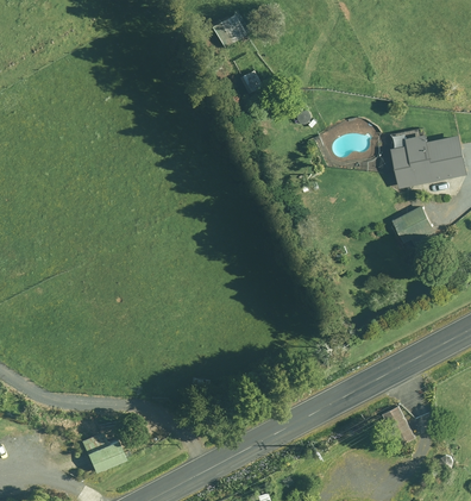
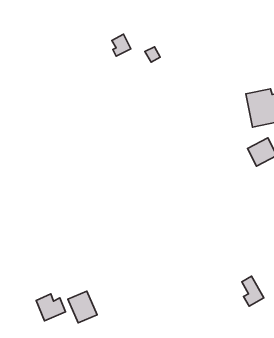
building: [220,15,247,48] -> [112,34,131,56]
building: none -> [68,291,97,323]

